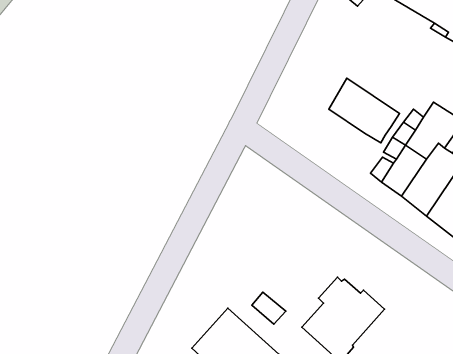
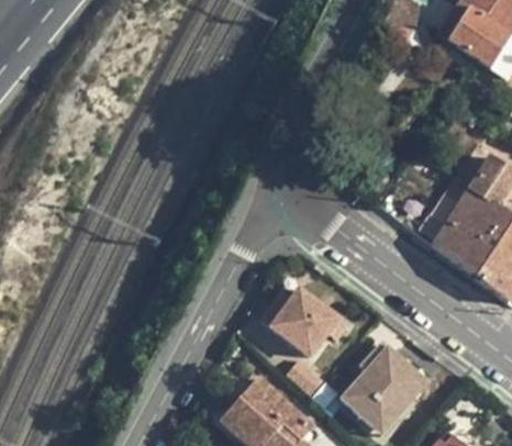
building: [329,78,399,143] -> none
building: none -> [263,290,350,359]

